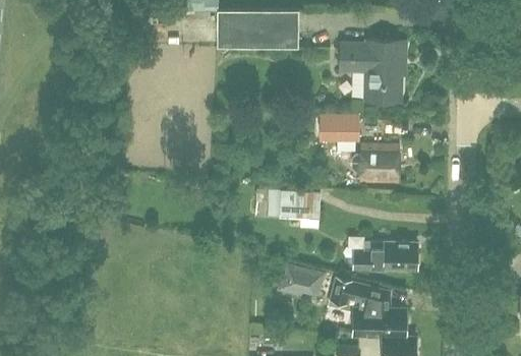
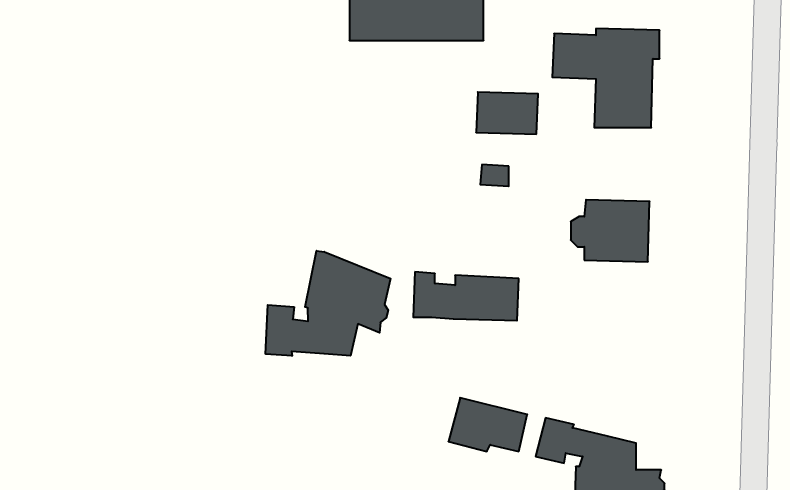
building: [321,114,358,139] -> [476,92,538,134]
building: none -> [266,251,391,356]
building: [353,242,417,270] -> none

